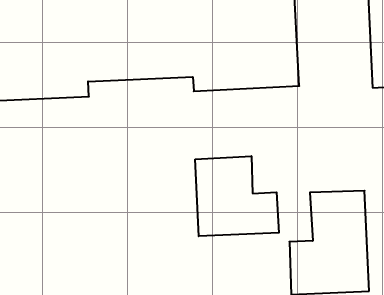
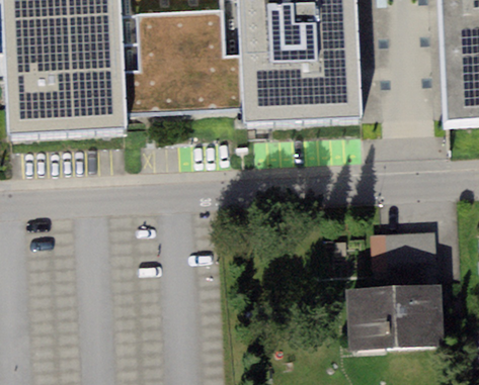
building: [195,156,279,236] -> none

